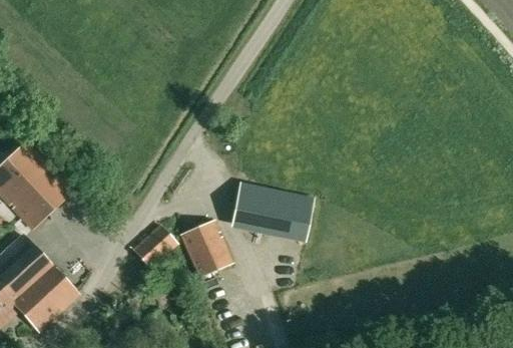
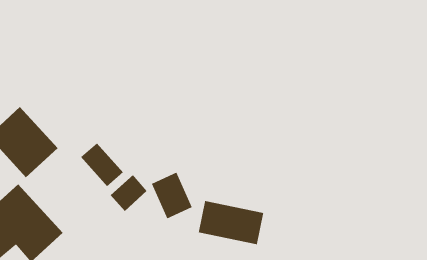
building: [232,184,312,238] -> [198,200,264,245]
building: none -> [80,142,124,187]

